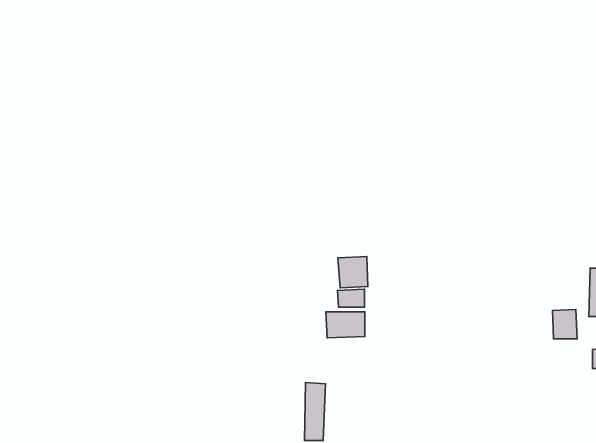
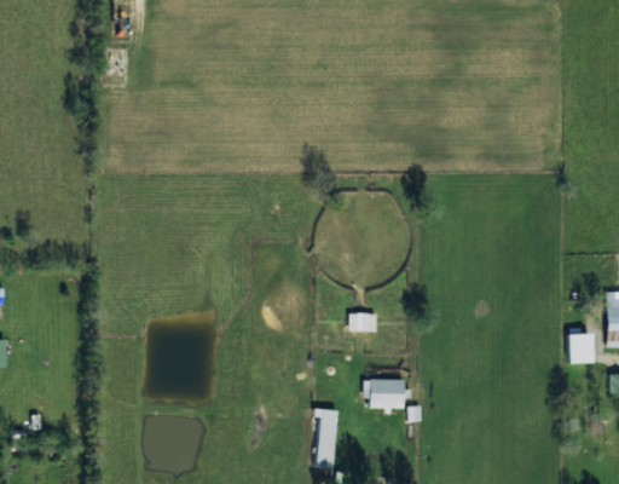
building: [338,257,368,288] -> none
building: [326,312,365,338] -> [364,379,404,405]

